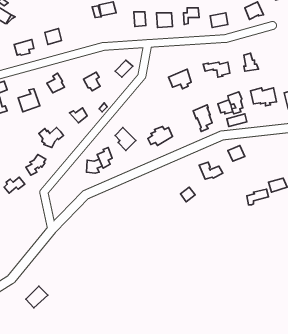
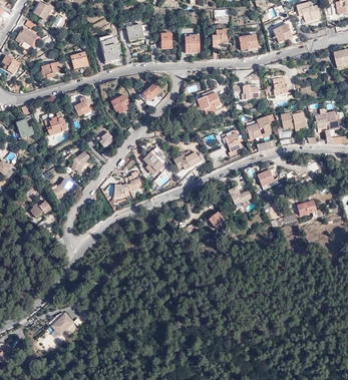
building: none -> [98,33,119,60]

